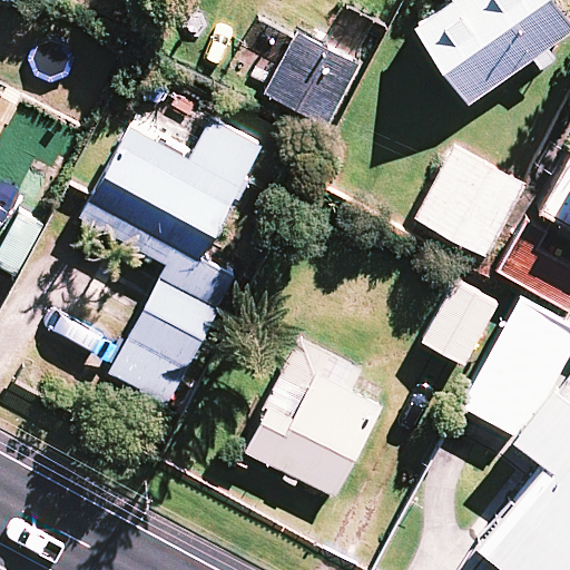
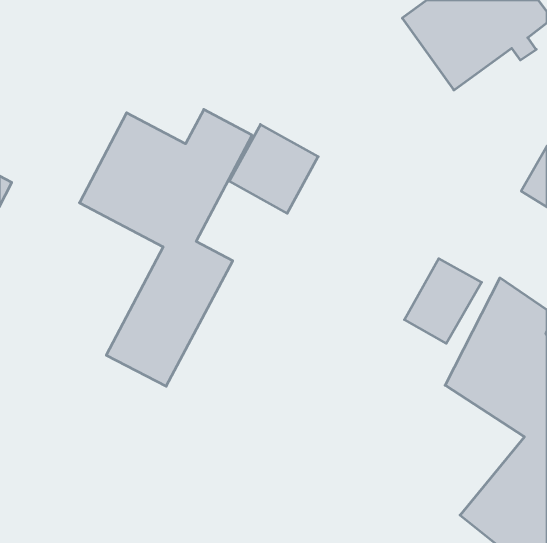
building: [266,32,358,125] -> [229,124,318,213]
building: [416,147,523,254] -> none
building: [245,341,377,494] -> none

